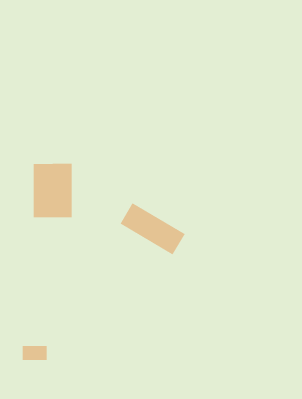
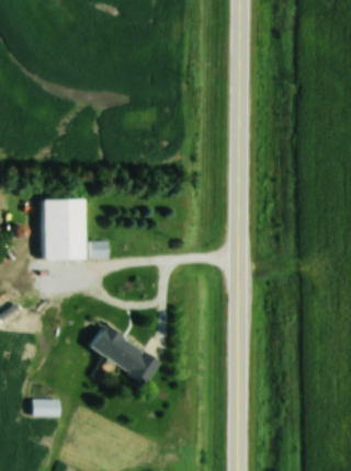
building: [119,202,186,256] -> [87,323,160,382]

